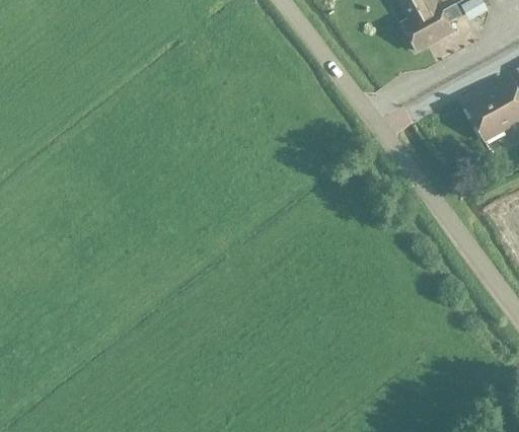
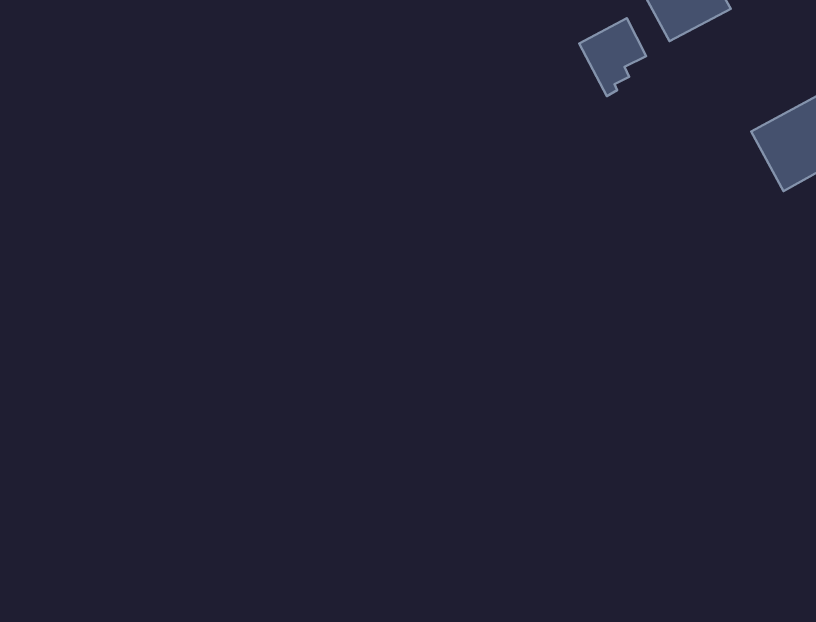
building: none -> [579,18,646,96]

